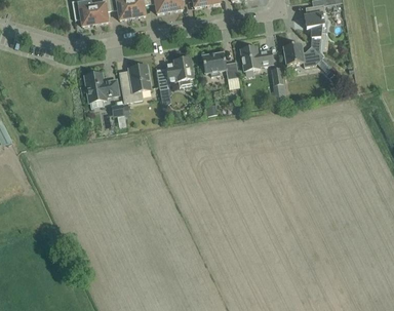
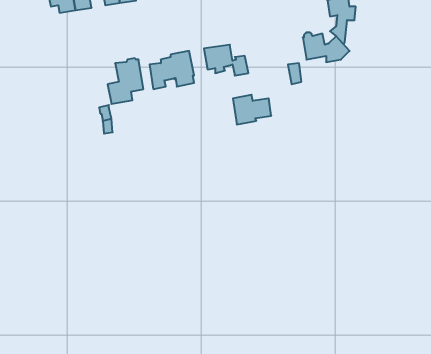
building: [240,45,272,70] -> [233,95,271,124]
building: [84,72,118,101] -> none

